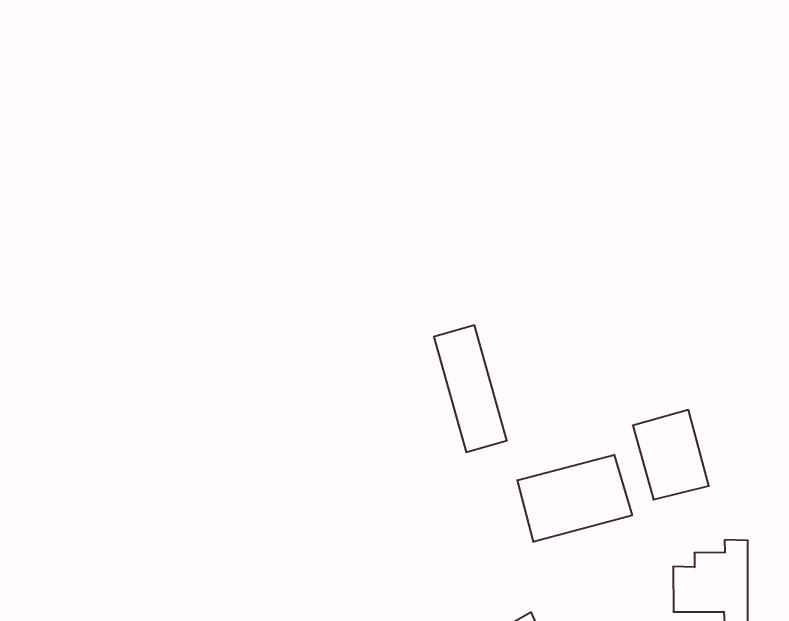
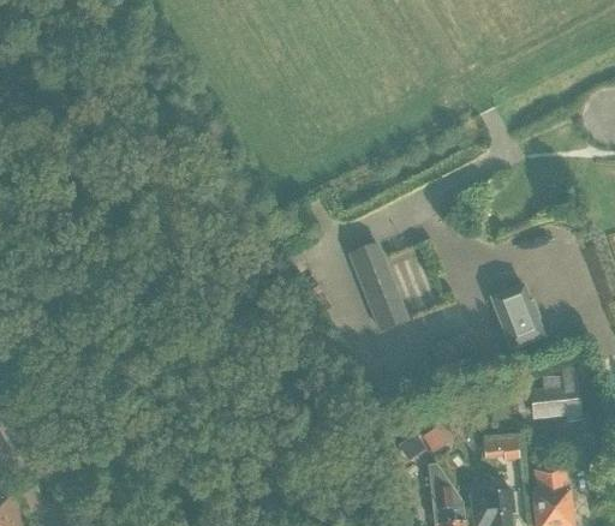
building: [517,455,632,542] -> none

